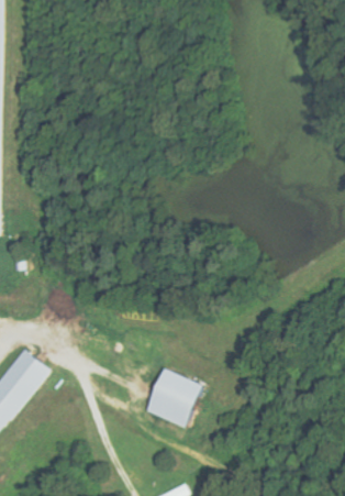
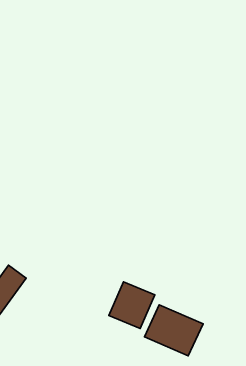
building: none -> [144,305,203,356]

